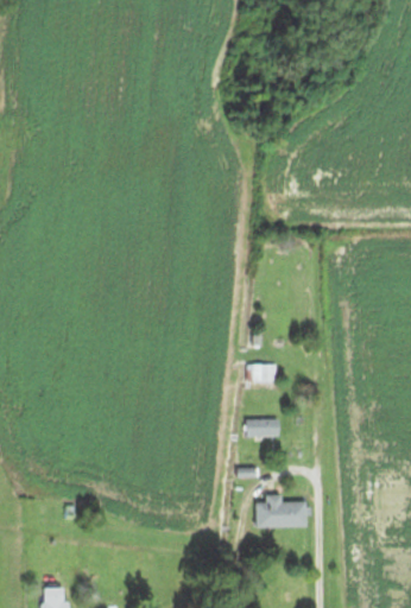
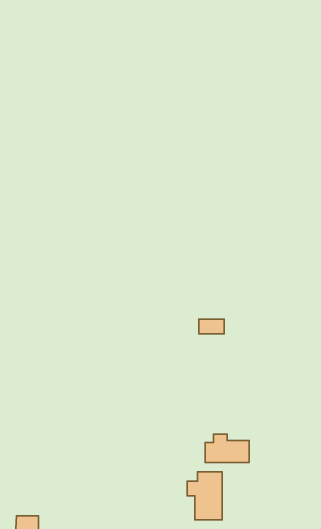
building: [246,419,279,437] -> none
building: none -> [187,472,222,520]

